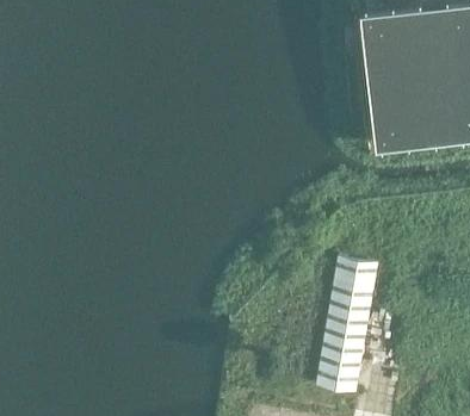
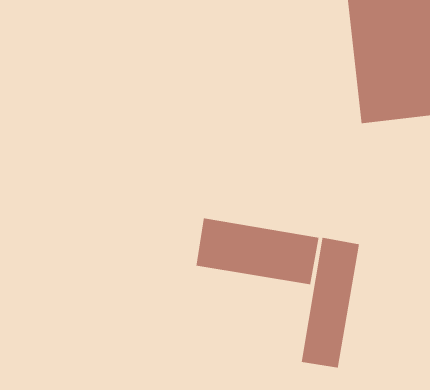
building: none -> [196,217,319,285]

